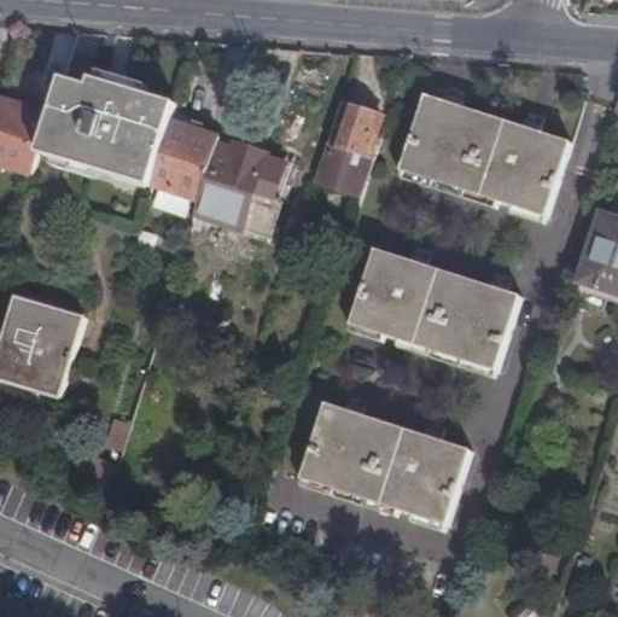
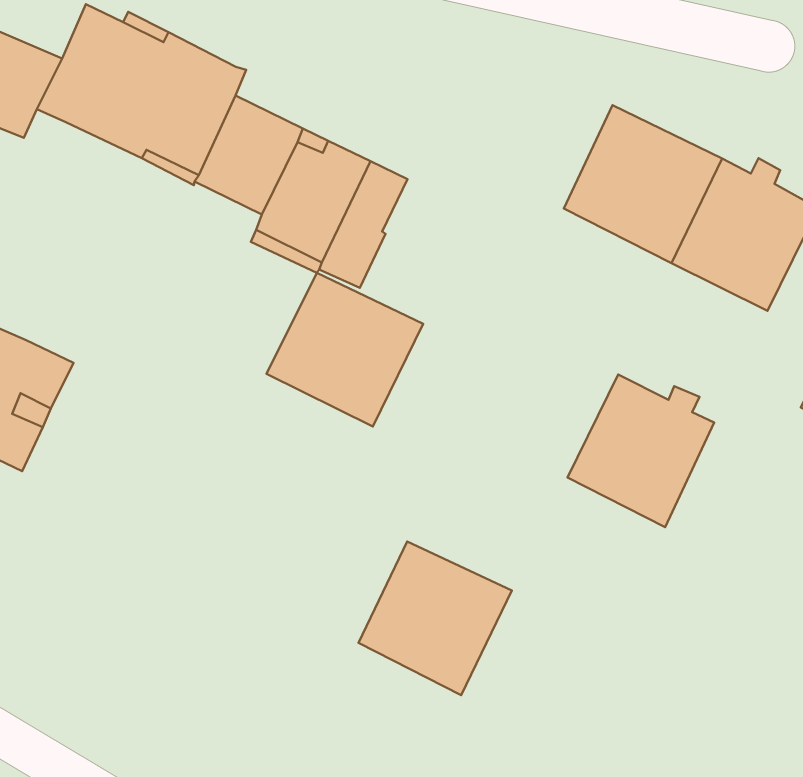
building: [315,105,377,197] -> none
building: [349,248,449,345] -> [267,273,423,427]
building: [374,423,467,523] -> none

